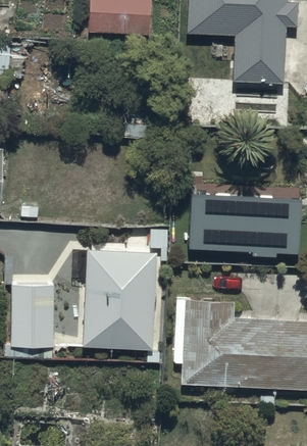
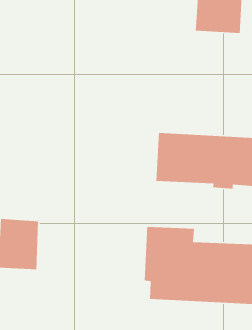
building: [81,261,155,345] -> none

